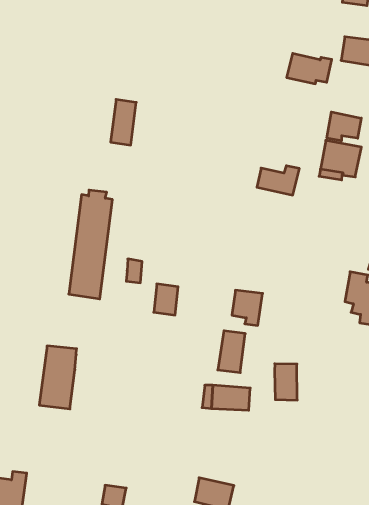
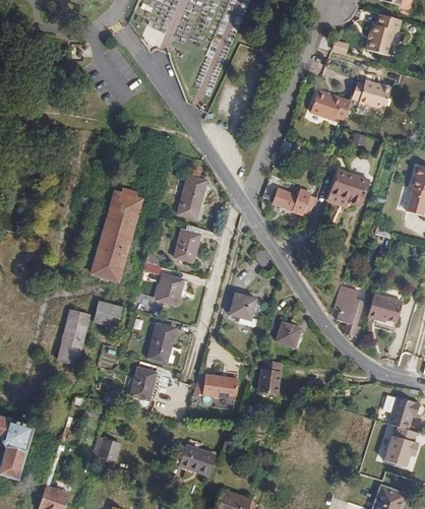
building: [111,99,136,145] -> [181,174,208,215]
building: [327,112,361,141] -> none
building: none -> [176,219,207,259]
building: none -> [278,321,302,345]
building: none -> [90,302,123,332]
building: [218,331,245,373] -> [143,327,172,366]
building: none -> [127,370,148,404]

